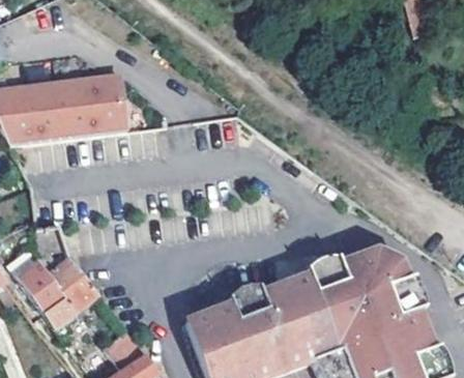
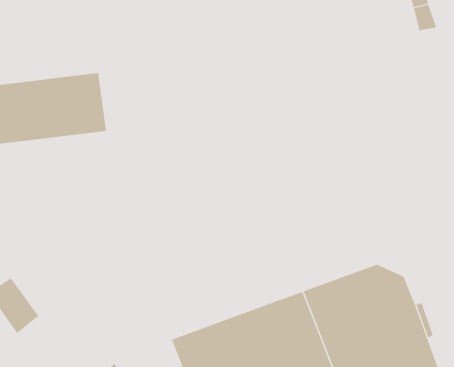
building: [33,245,96,338] -> none

